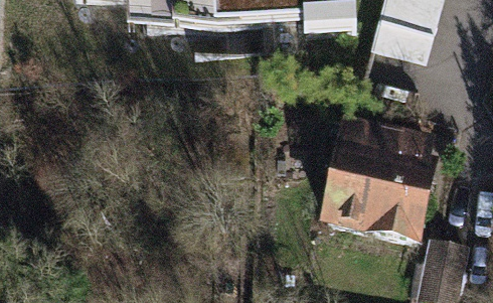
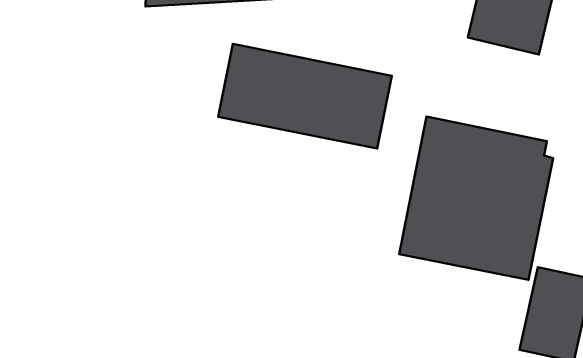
building: none -> [218,44,392,149]

